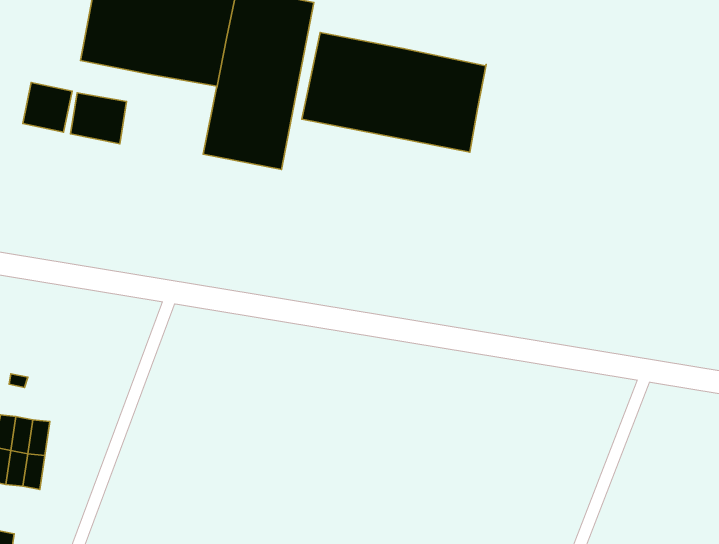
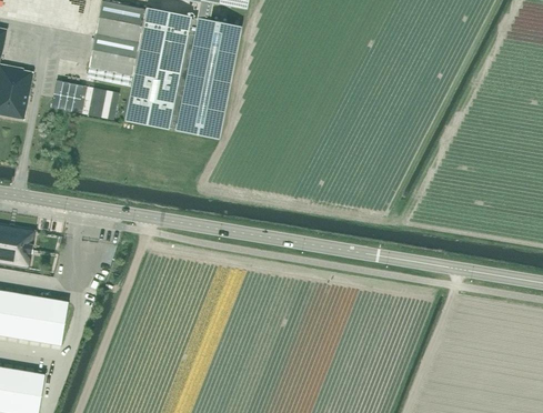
building: [302,32,486,152] -> none
building: none -> [124,74,177,127]

